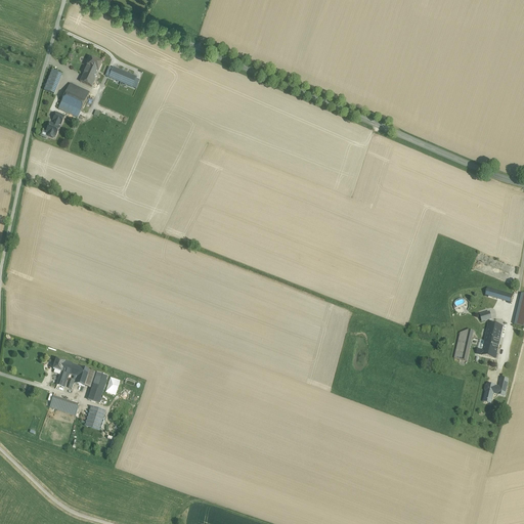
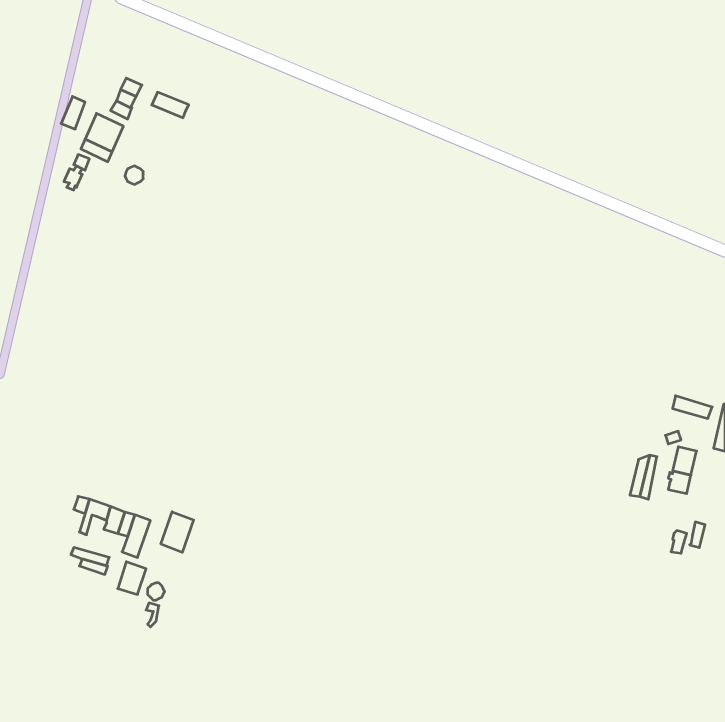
building: none -> [161,512,194,552]

